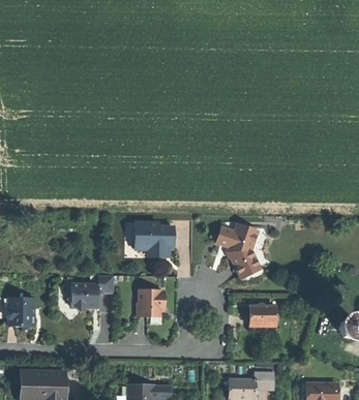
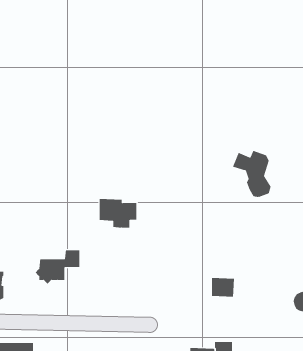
building: [217,225,259,275] -> [232,150,272,197]
building: [137,289,166,315] -> none

